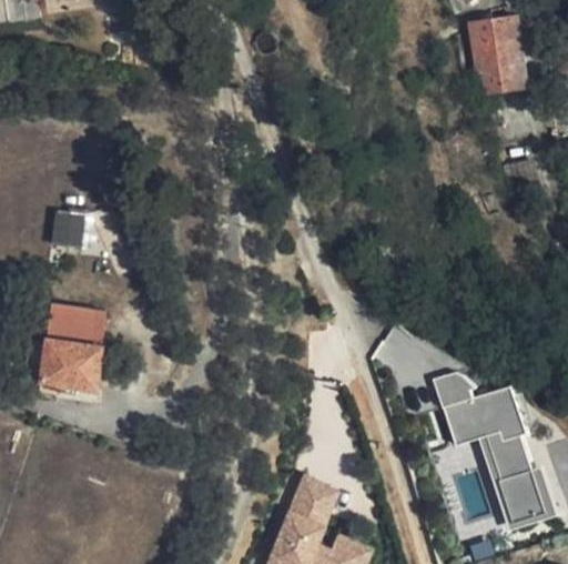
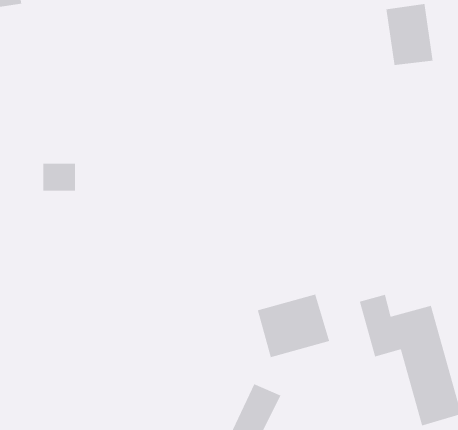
building: [39,309,102,394] -> none
building: none -> [257,294,330,358]

